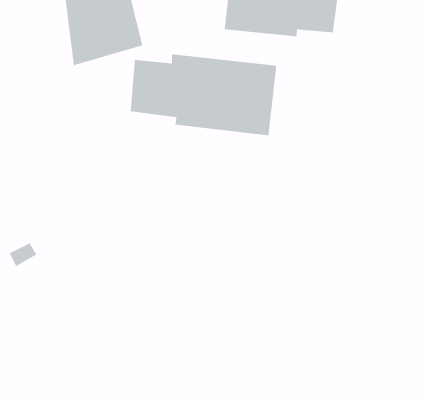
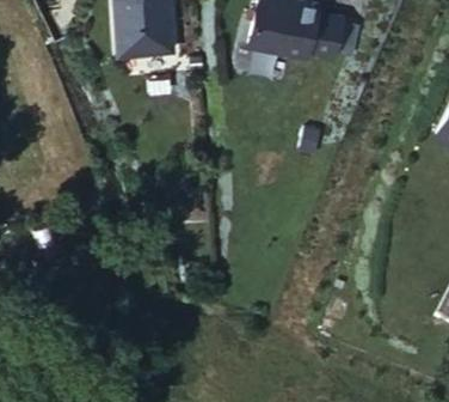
building: [130,54,277,136] -> none

